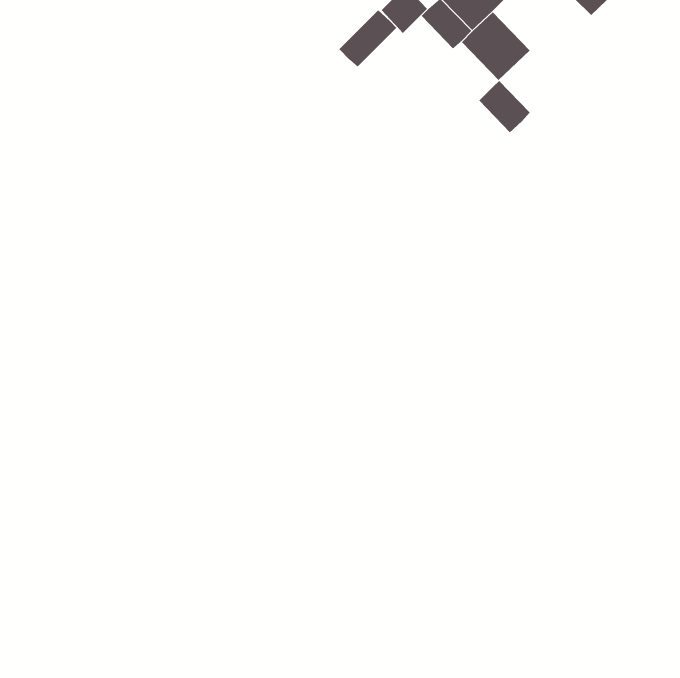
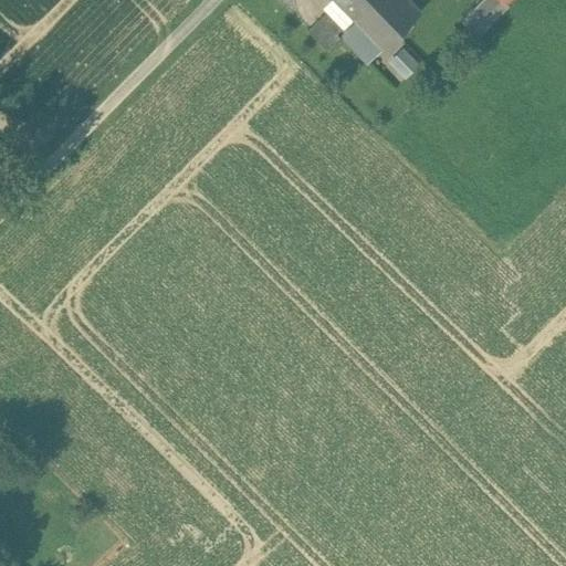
building: [339,10,397,67] -> none
building: [479,80,531,133] -> none

